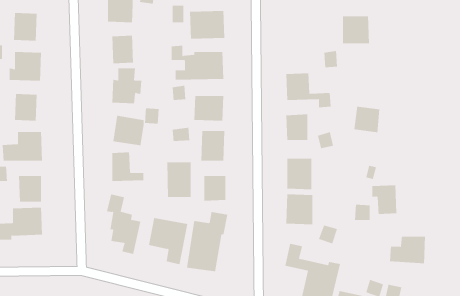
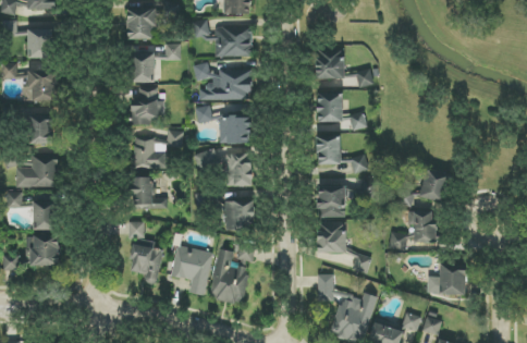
building: [342,16,370,44] -> [315,49,344,78]
building: [354,106,380,133] -> [419,173,448,201]
building: [167,161,191,198] -> none

